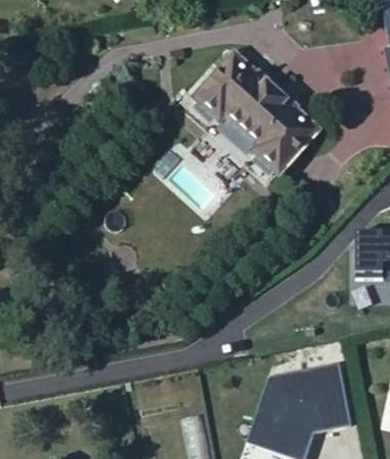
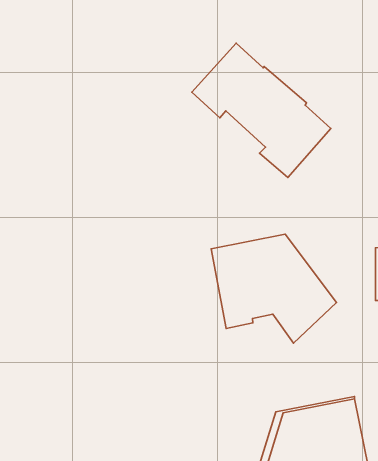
building: none -> [211,234,337,343]

